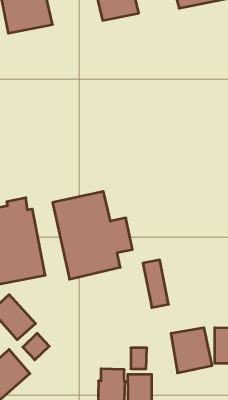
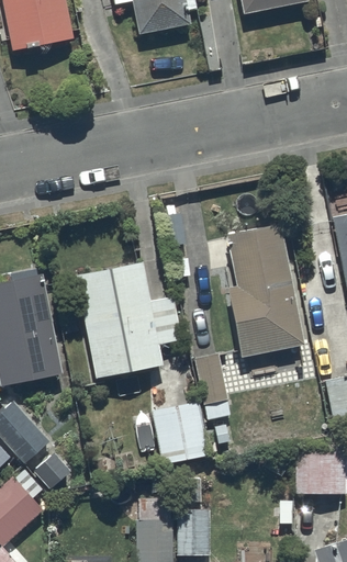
building: none -> [225,225,304,359]
building: [171,328,212,373] -> [153,403,209,464]

